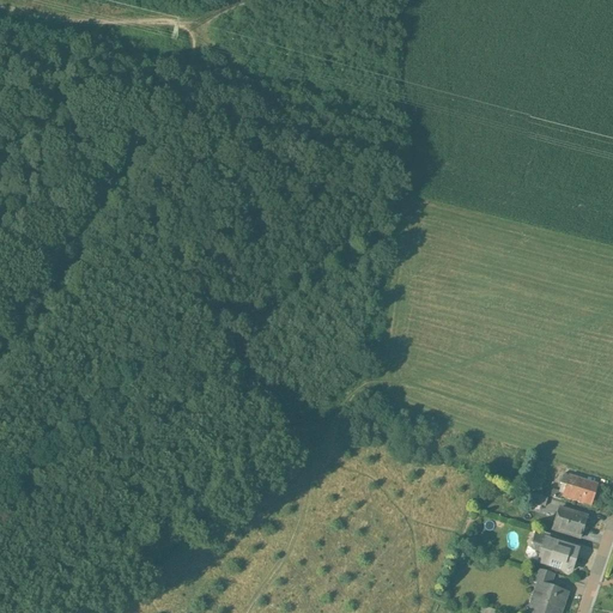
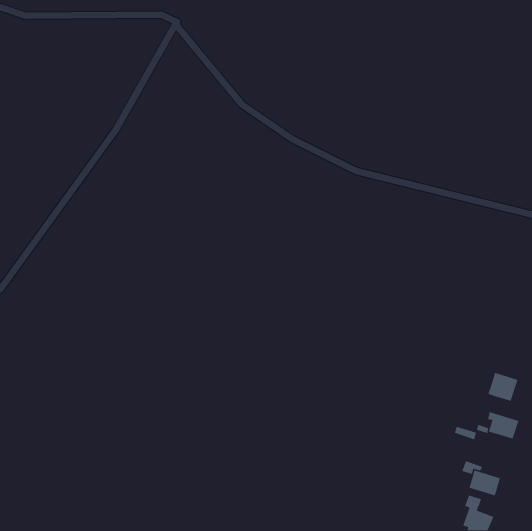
building: none -> [487,372,519,402]
building: [552,508,587,538] -> none

